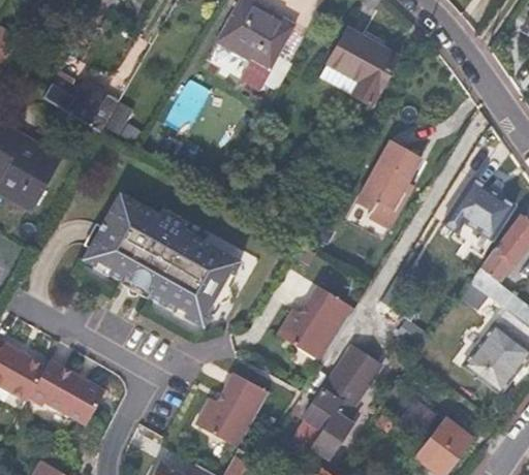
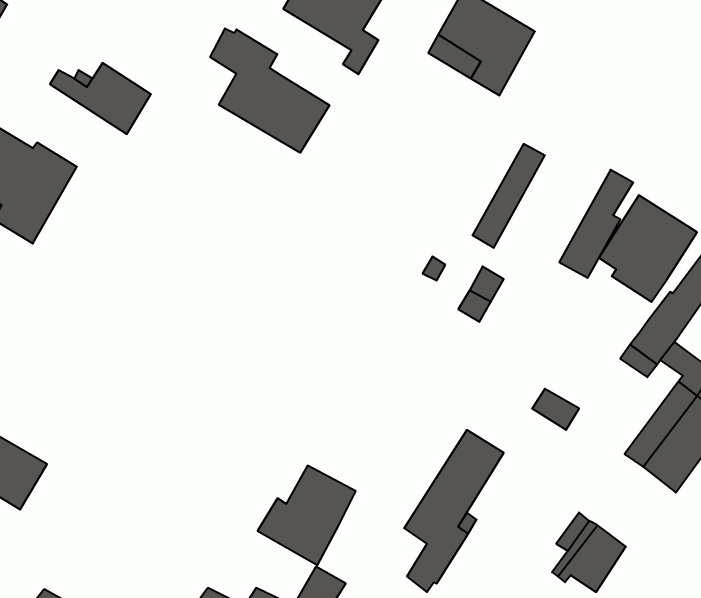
building: none -> [210,28,329,153]
building: [369,147,423,225] -> [559,170,633,278]
building: [82,195,239,332] -> none
building: [277,285,353,360] -> none
building: [25,363,101,426] -> none

